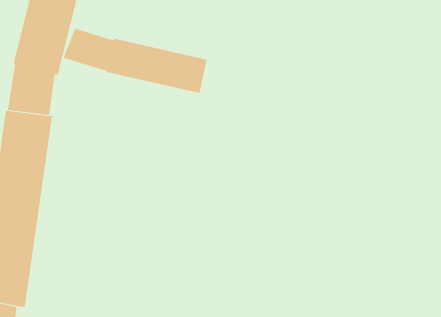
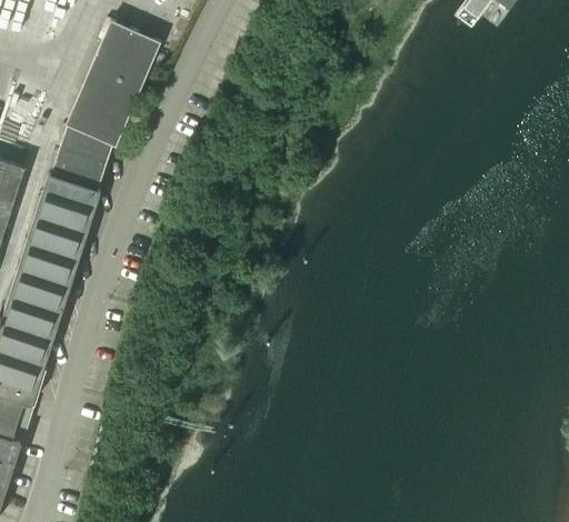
building: [63,28,207,94] -> none

